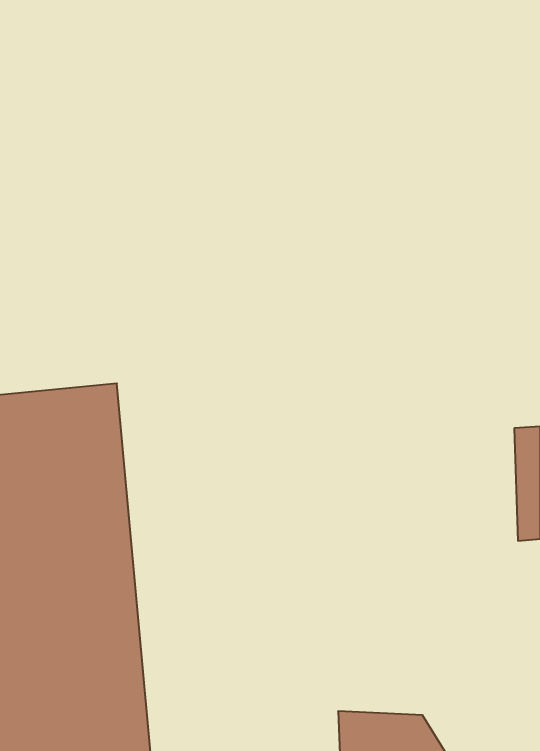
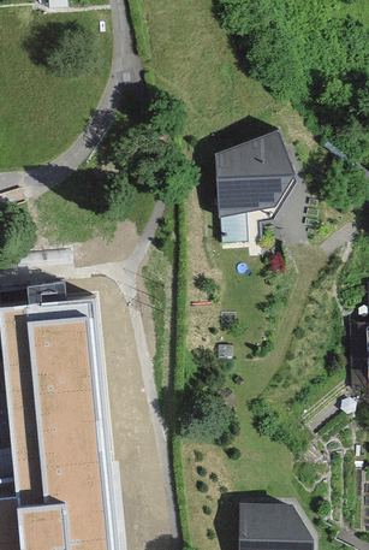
building: none -> [214,129,297,221]

